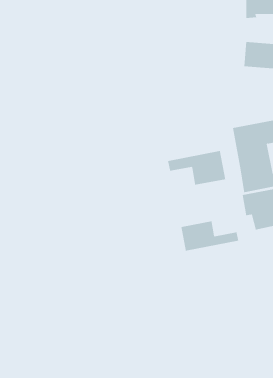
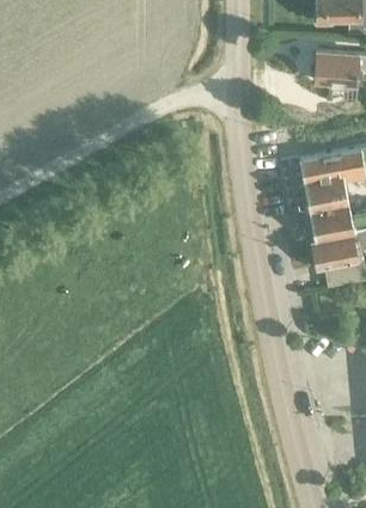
building: [168,150,226,186] -> none
building: [181,221,239,251] -> none

